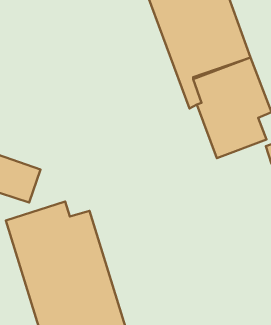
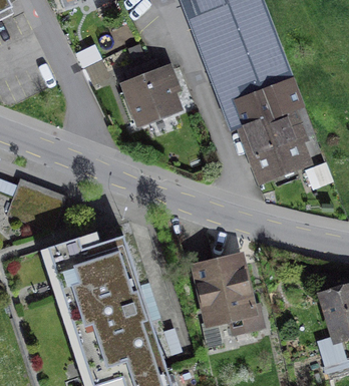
building: none -> [115,63,183,130]
building: none -> [189,254,260,334]

